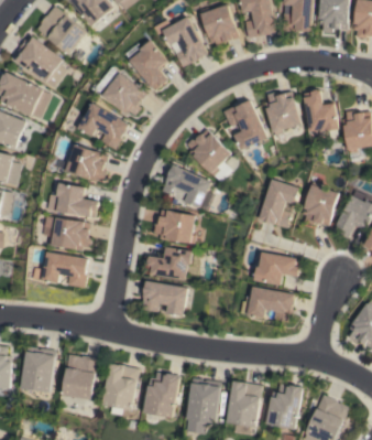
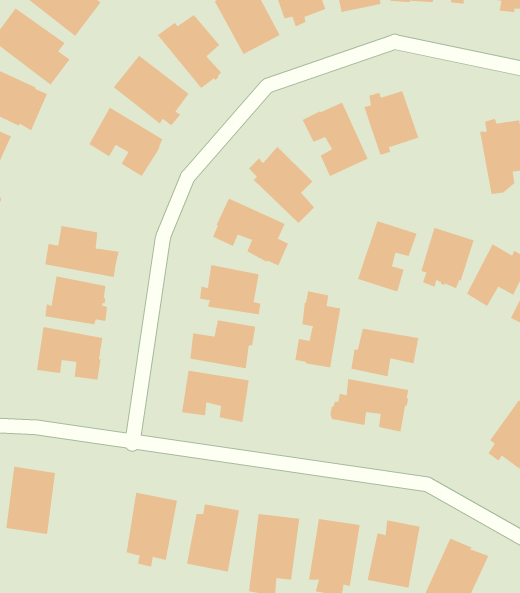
building: [304,89,339,139] -> none
building: [63,144,108,182] -> none
building: none -> [295,291,341,368]
building: [63,354,98,400] -> none

